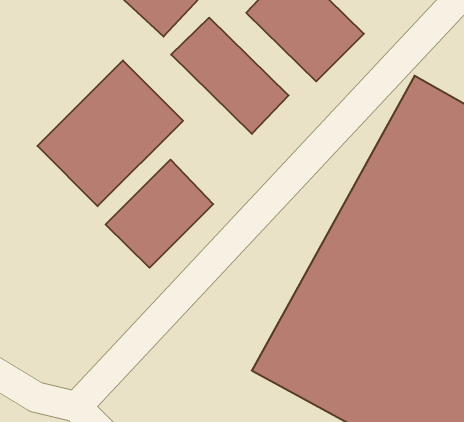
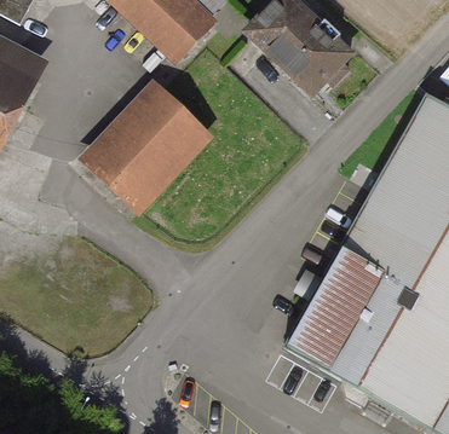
building: [171,18,289,134] -> none
building: [106,160,213,268] -> none

